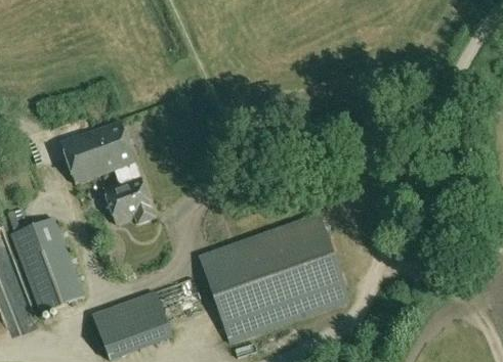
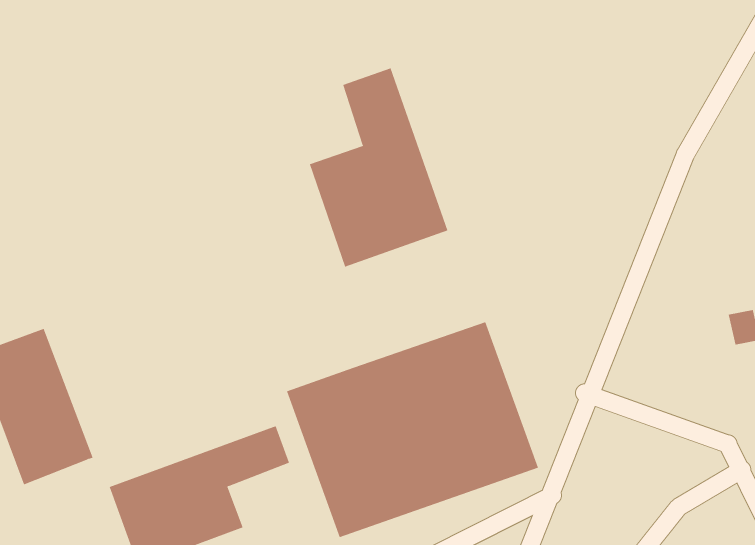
building: none -> [309,67,448,267]
building: [60,121,155,223] -> none

